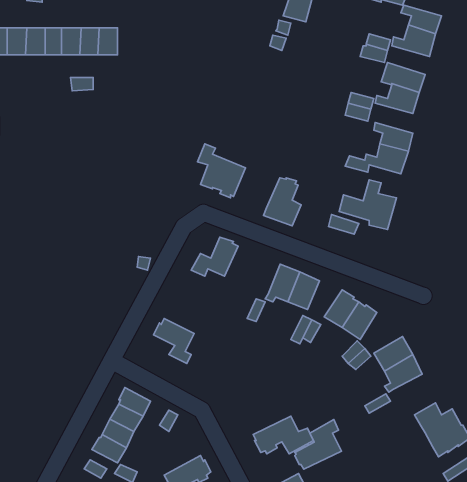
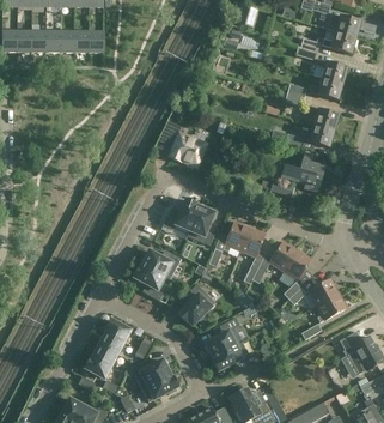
building: [263,178,301,226] -> [187,205,217,243]
building: none -> [141,249,182,274]
building: none -> [178,283,215,324]
building: [295,419,341,469] -> [205,315,242,355]
building: none -> [130,358,170,387]

